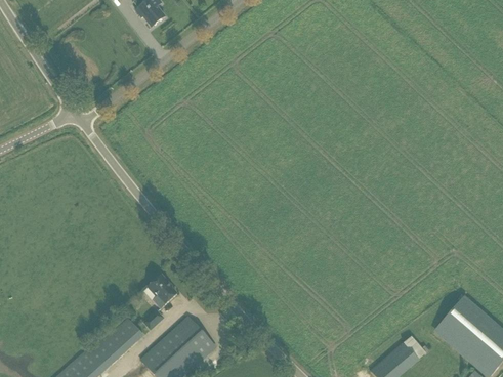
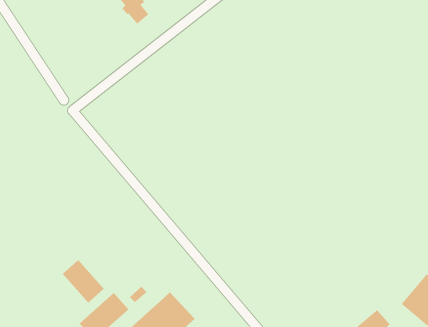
building: [145,275,175,308] -> none
building: none -> [62,259,105,303]

